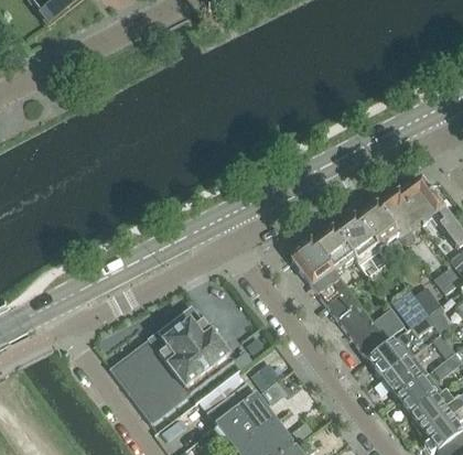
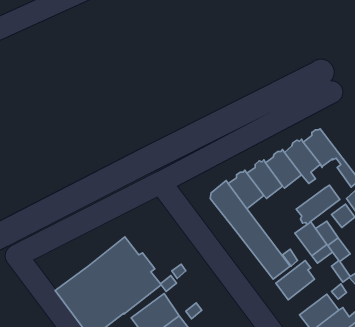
building: none -> [296,185,340,225]
building: [384,355,429,397] -> none

